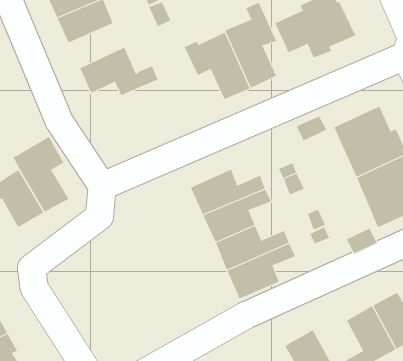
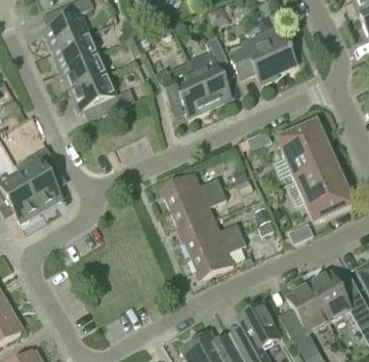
building: none -> [60,53,107,90]

